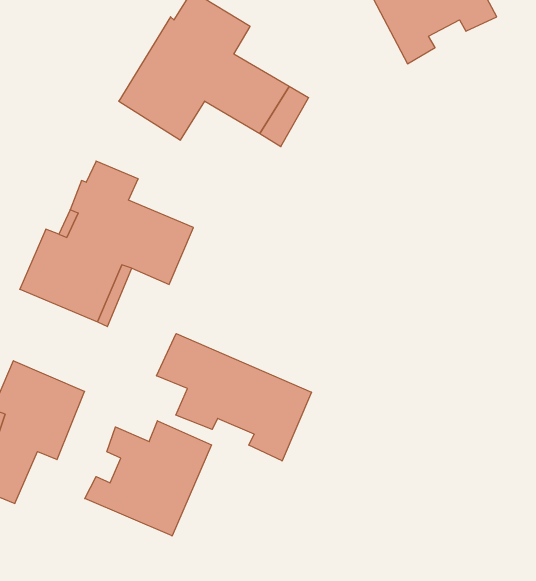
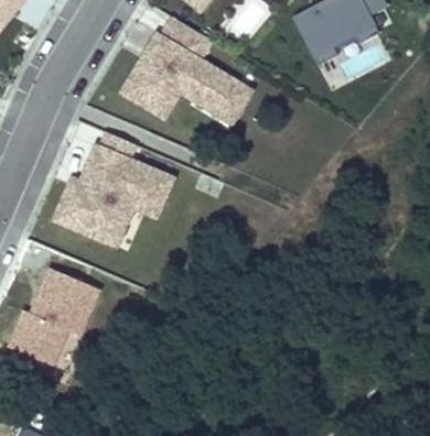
building: [157,334,311,461] -> none
building: [85,421,211,536] -> none

